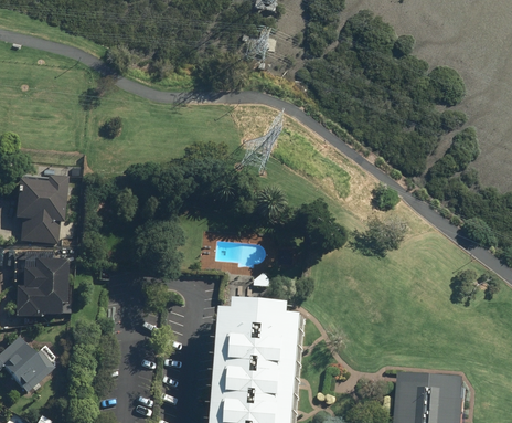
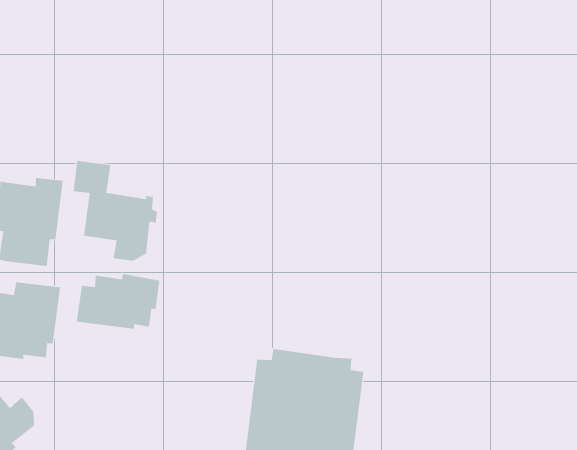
building: none -> [73,160,157,262]
building: none -> [76,273,160,329]

